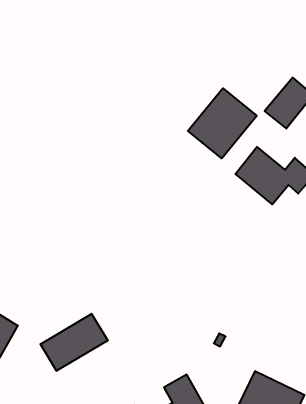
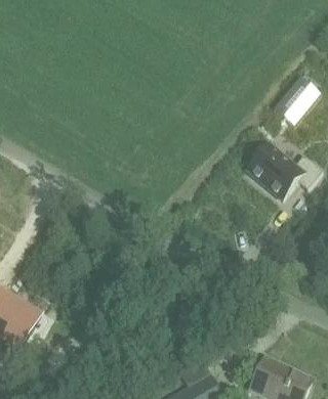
building: [188,88,257,158] -> none
building: [40,314,108,371] -> none

